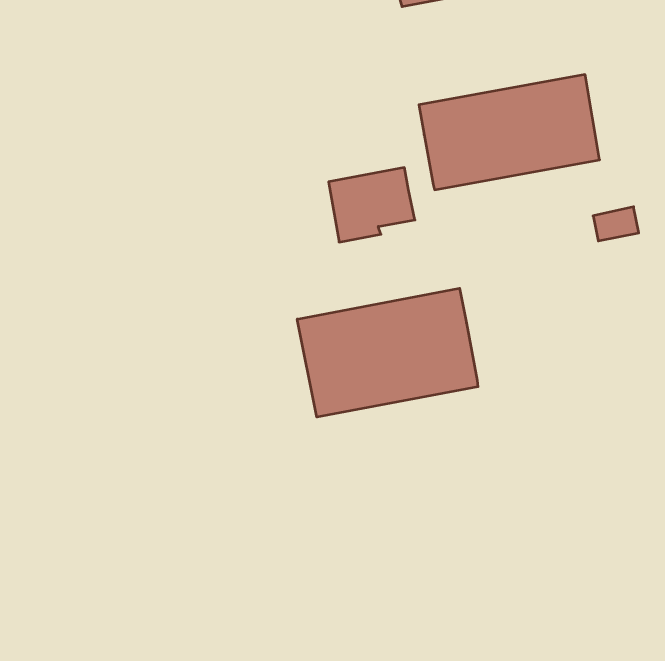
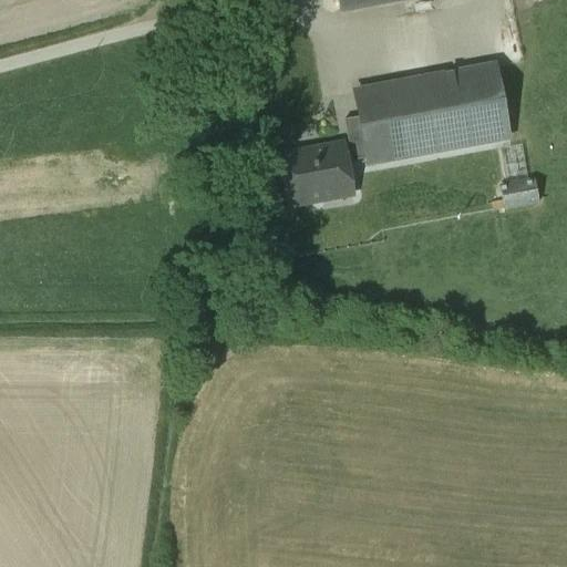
building: none -> [346,114,370,161]
building: [297,288,478,417] -> none

